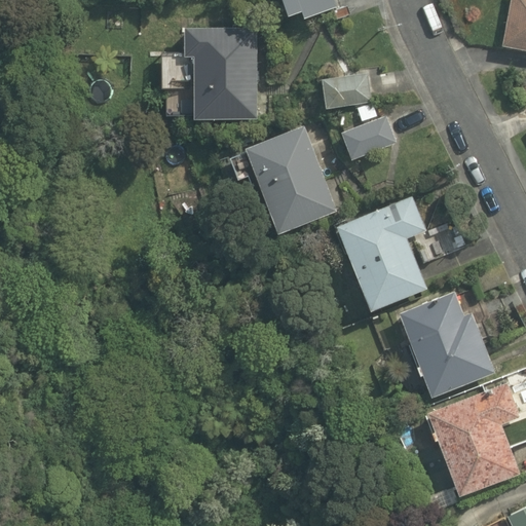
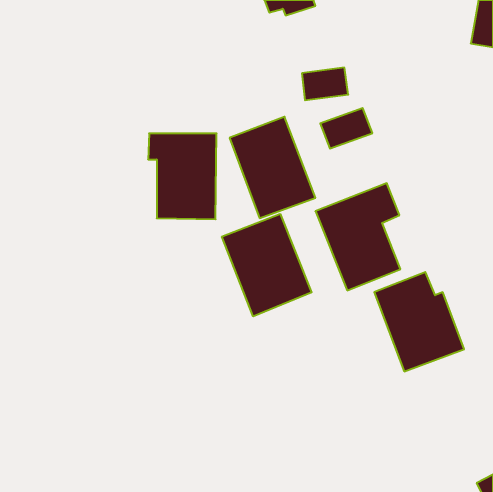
building: [184,28,257,119] -> [148,133,217,219]
building: none -> [222,214,312,316]
building: [427,383,520,495] -> none

